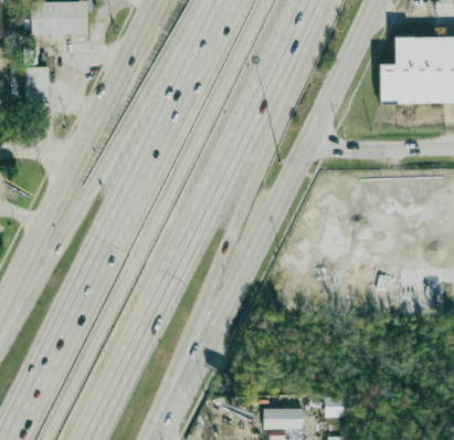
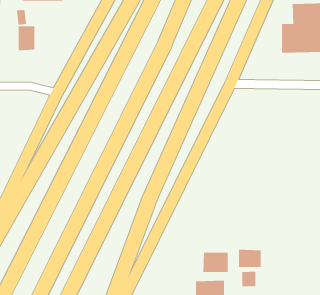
building: none -> [238,249,261,268]
building: none -> [203,252,228,273]

